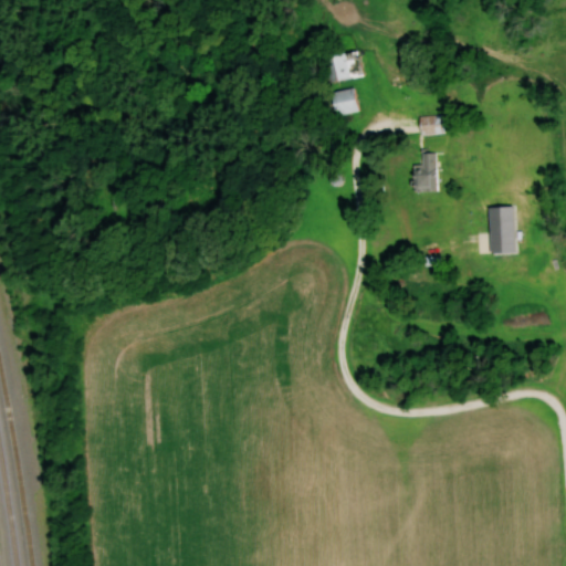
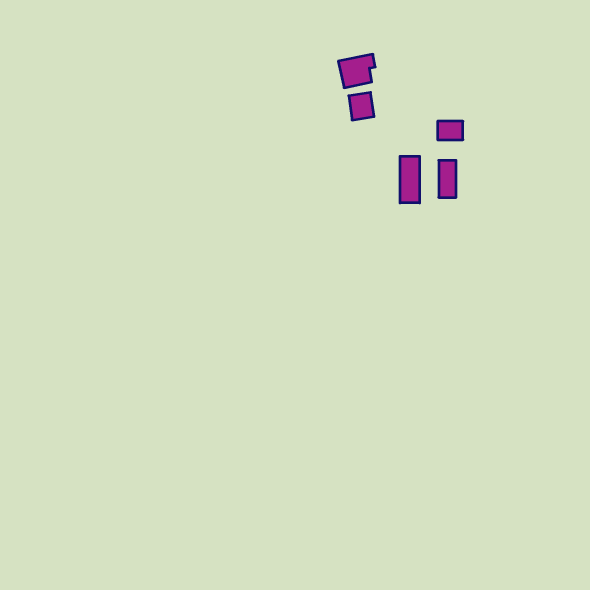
building: none -> [400,156,420,203]
building: [490,208,515,253] -> none

